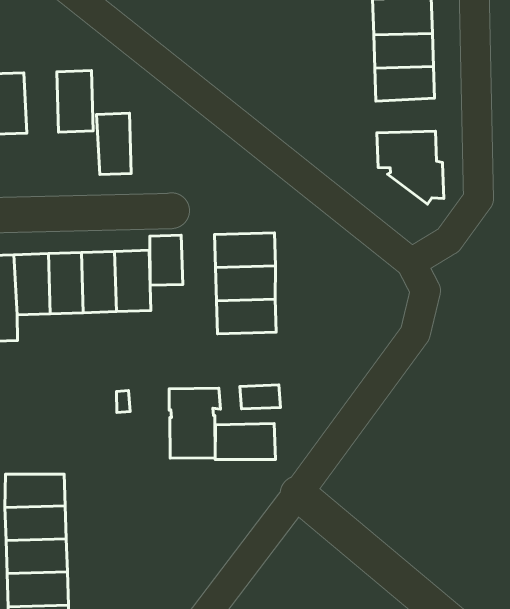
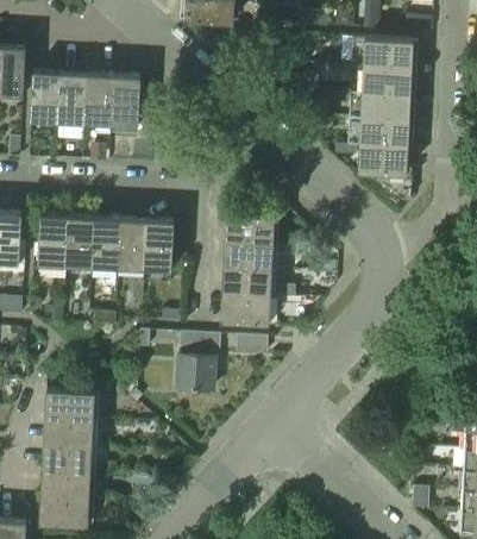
building: none -> [360,118,408,145]
building: [96,113,131,174] -> [84,74,112,123]
building: [150,235,183,285] -> none
building: [215,423,276,460] -> [220,292,269,322]

